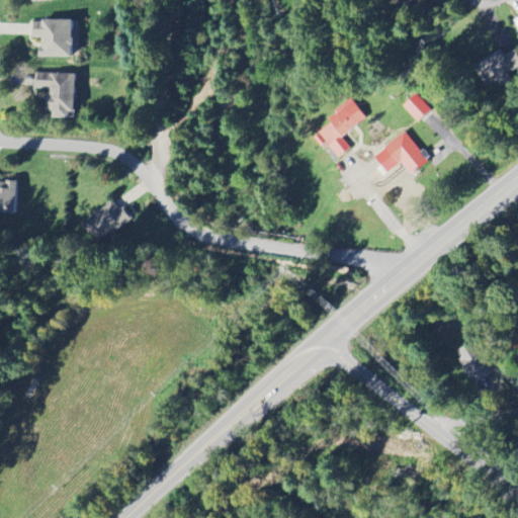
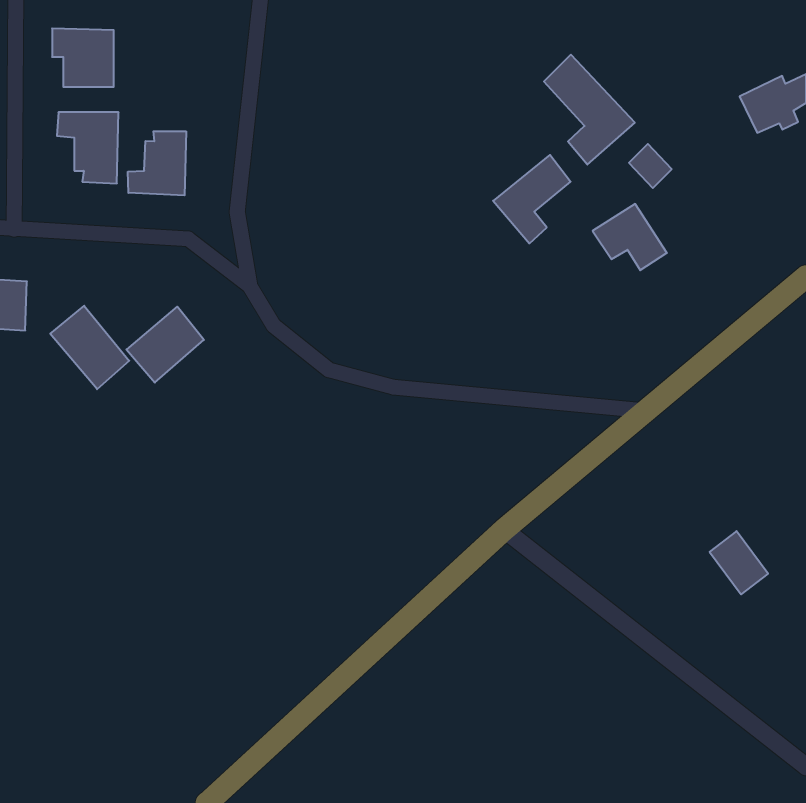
building: none -> [544,55,635,165]
building: none -> [128,131,186,195]
building: none -> [50,306,129,389]

